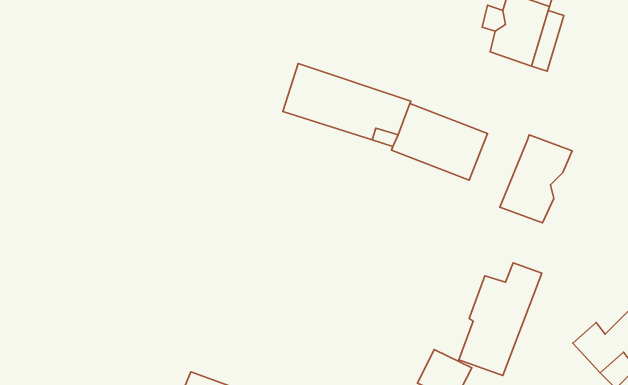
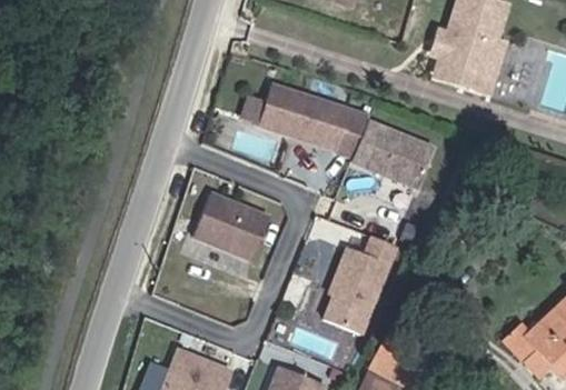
building: [500,135,572,223] -> none
building: none -> [195,194,270,260]
building: [459,263,542,375] -> [326,237,397,333]

